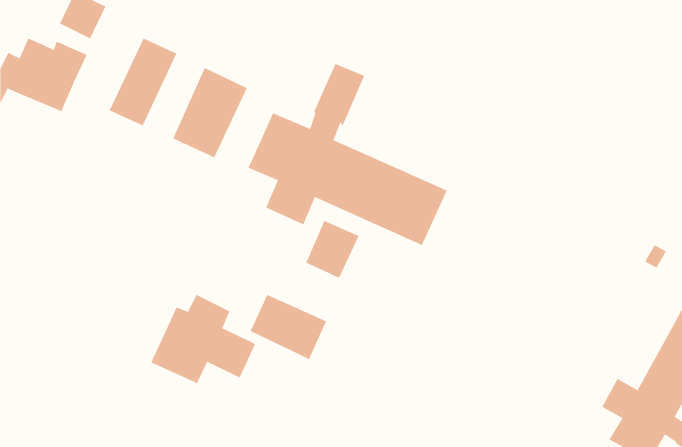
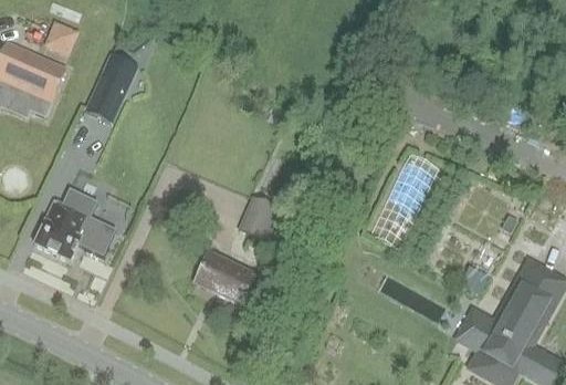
building: [248,63,447,246] -> none
building: [172,67,248,158] -> none
building: [151,294,256,384] -> [33,189,115,259]

